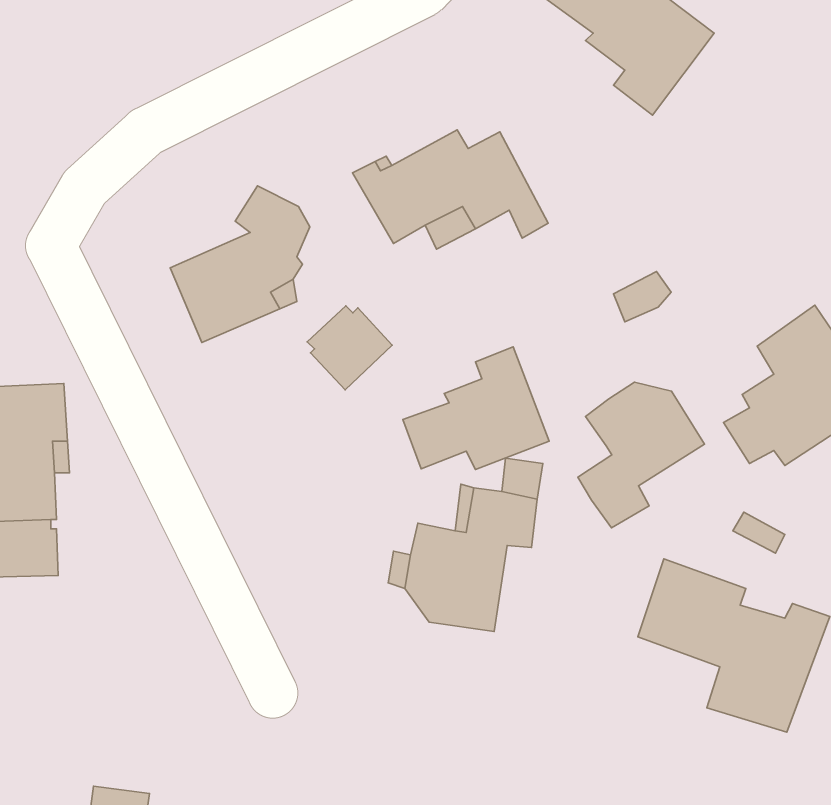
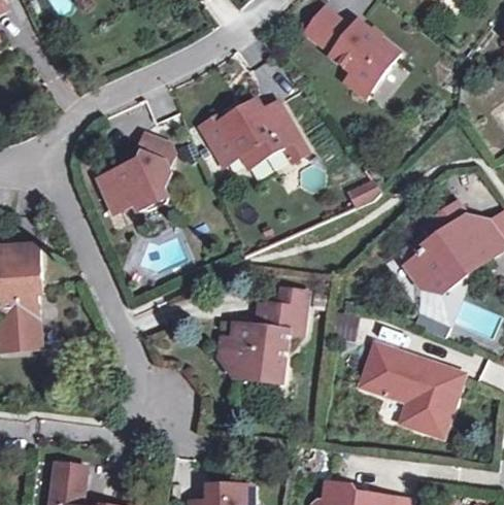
building: [307,306,392,390] -> none
building: [403,347,549,470] -> none
building: [578,382,704,528] -> none

